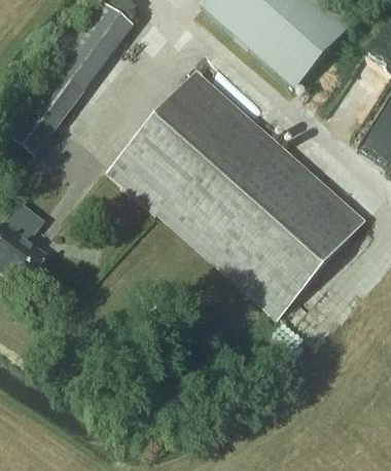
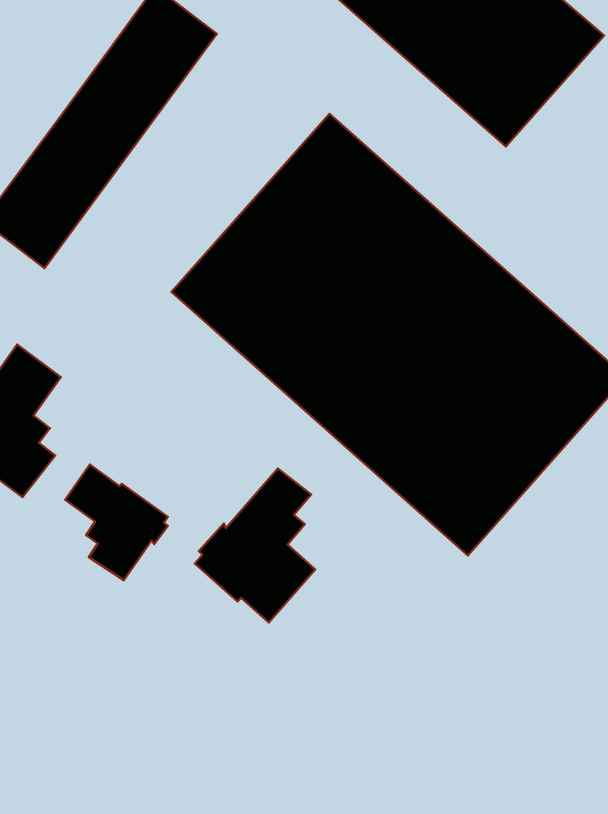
building: none -> [65,464,168,580]
building: none -> [195,469,315,623]

